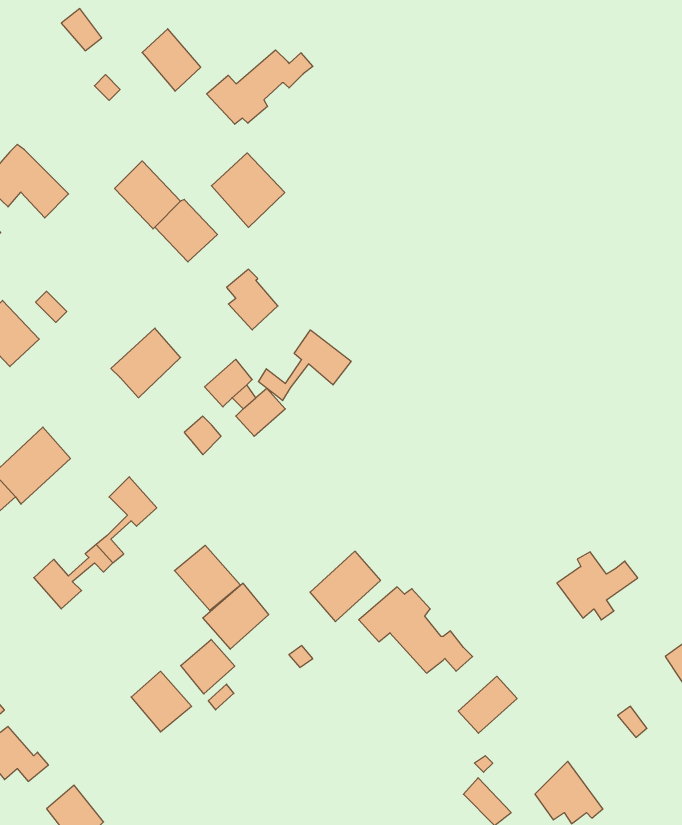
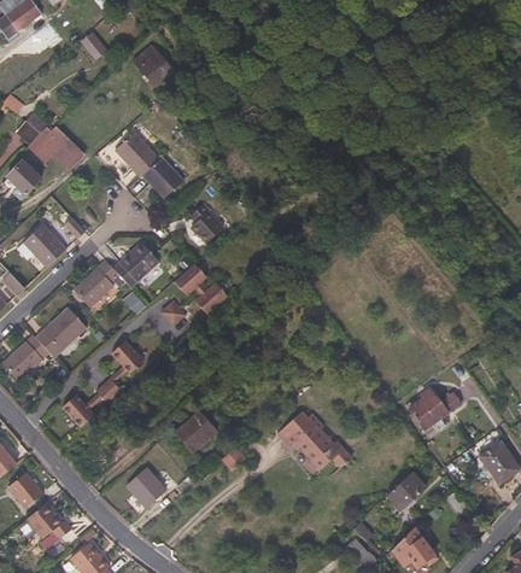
building: [207,50,313,124] -> none
building: [211,153,285,227] -> none
building: [258,330,351,401] -> none
building: none -> [74,259,119,308]
building: [174,545,241,611] -> none
building: [310,551,380,622] -> none
building: [181,639,235,694] -> none
building: [458,676,517,733] -> [387,472,426,509]

